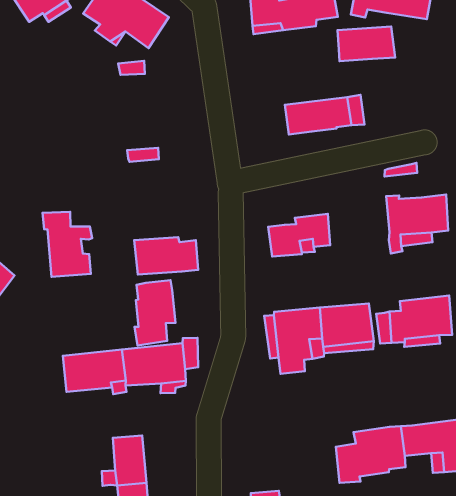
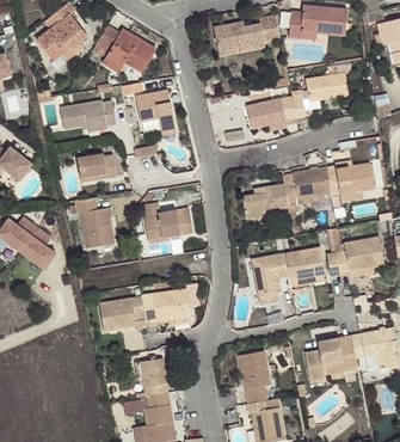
building: [337,26,395,61] -> [304,73,349,102]
building: none -> [135,91,174,131]
building: none -> [60,100,115,129]
building: none -> [76,153,116,178]
building: none -> [282,167,331,211]
building: [134,280,176,345] -> none
building: none -> [238,351,270,389]

